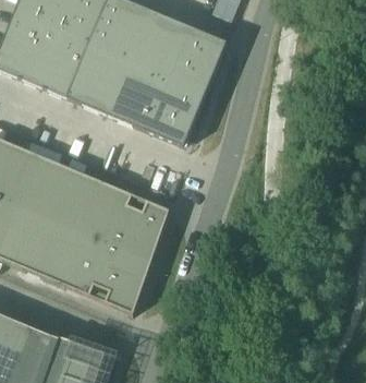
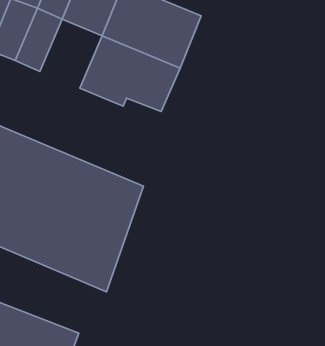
building: [69,46,129,113] -> none

